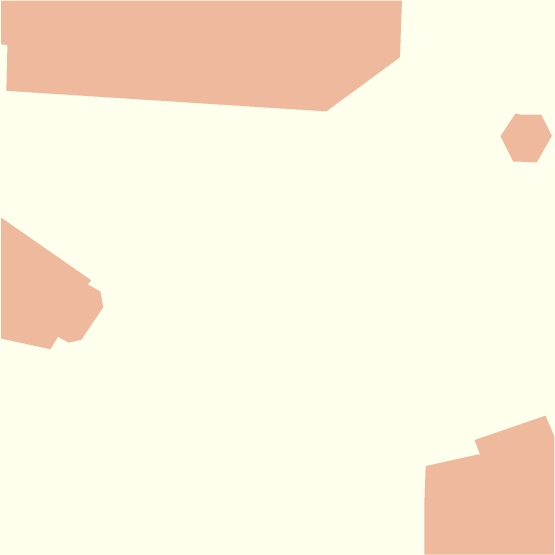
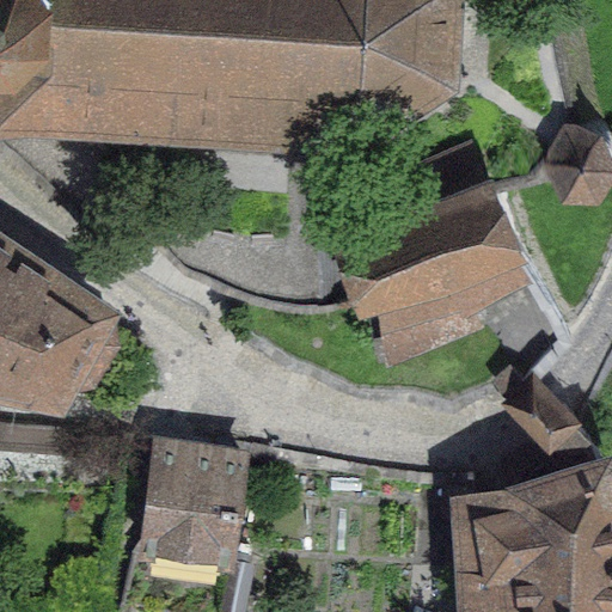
building: none -> [350,146,515,350]
building: none -> [145,442,246,551]

